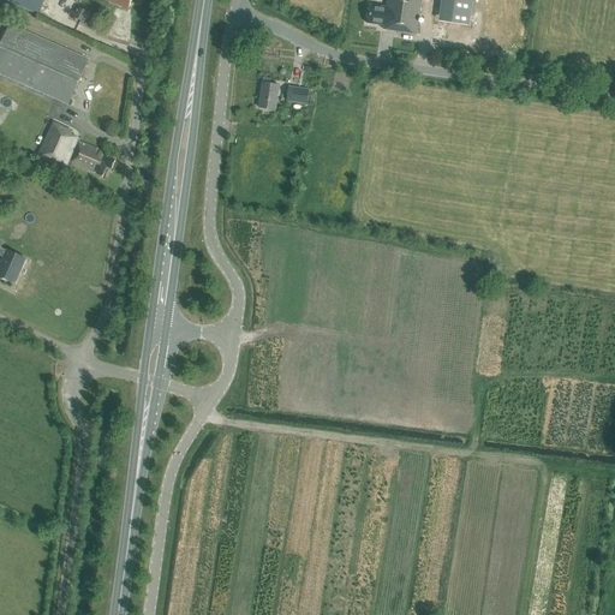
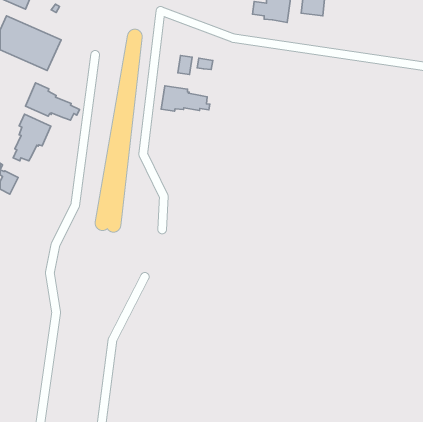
building: none -> [161,86,210,111]
building: none -> [13,114,51,161]

